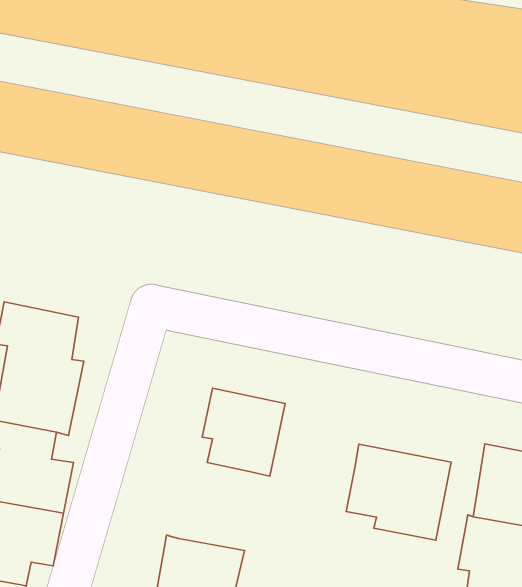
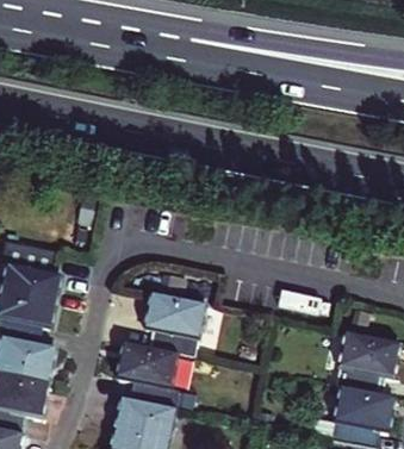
building: [346,444,451,540] -> none
building: none -> [118,343,179,410]

